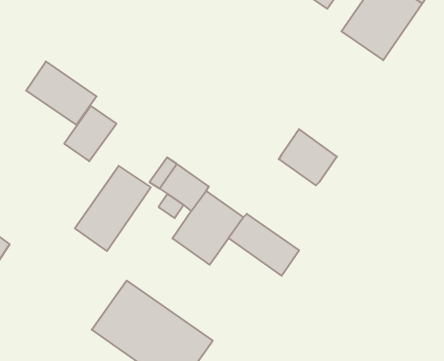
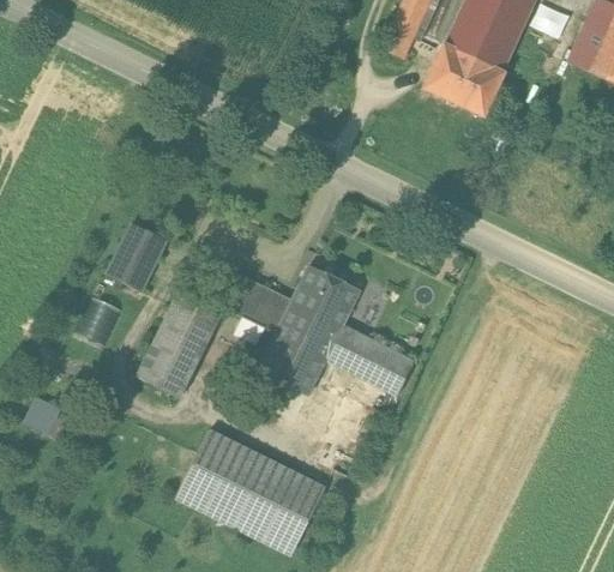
building: [26,61,97,125] -> none
building: [279,129,337,185] -> [290,264,361,330]
building: none -> [78,294,122,344]

